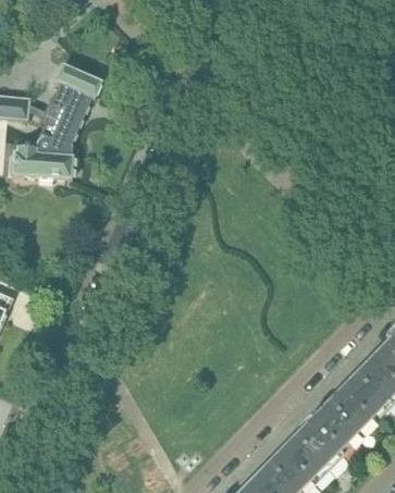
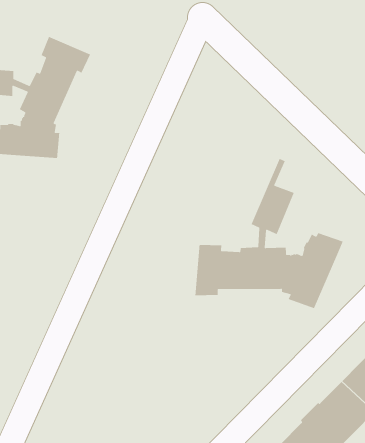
building: none -> [194,158,344,309]

